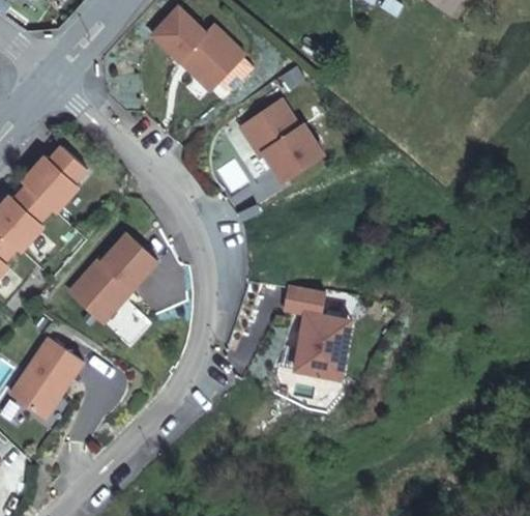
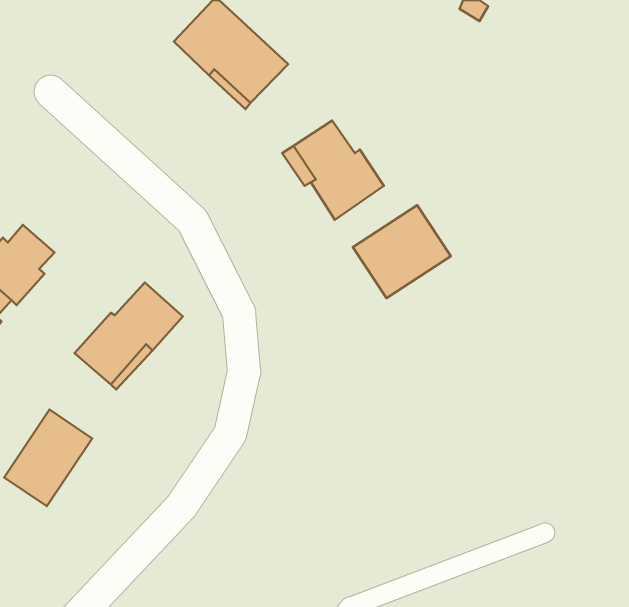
building: [22,146,86,212] -> none
building: none -> [353,205,451,298]
building: [284,286,347,377] -> none

